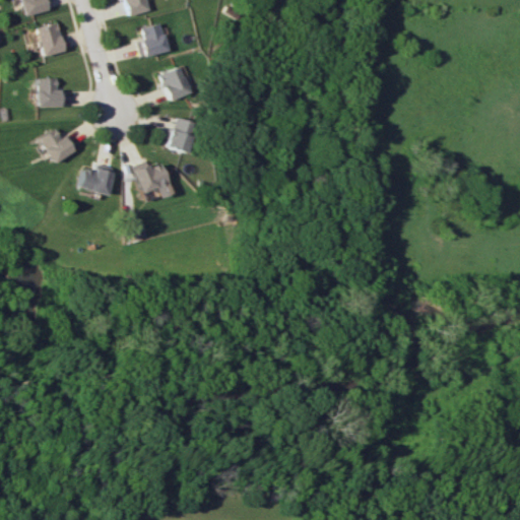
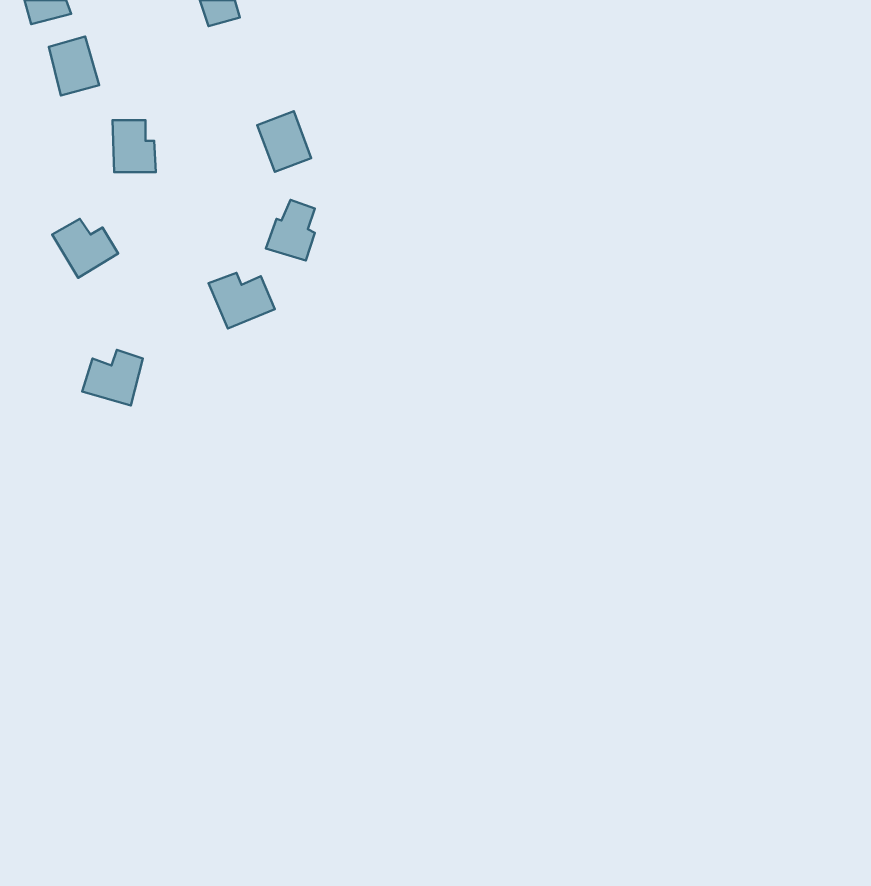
building: [140,22,170,58] -> none
building: [41,77,66,108] -> [112,120,156,172]
building: [79,164,115,196] -> [82,350,143,406]

